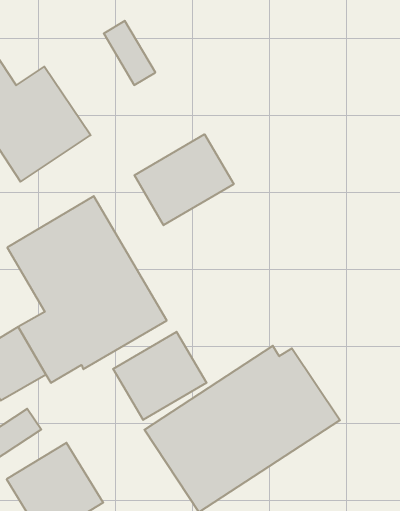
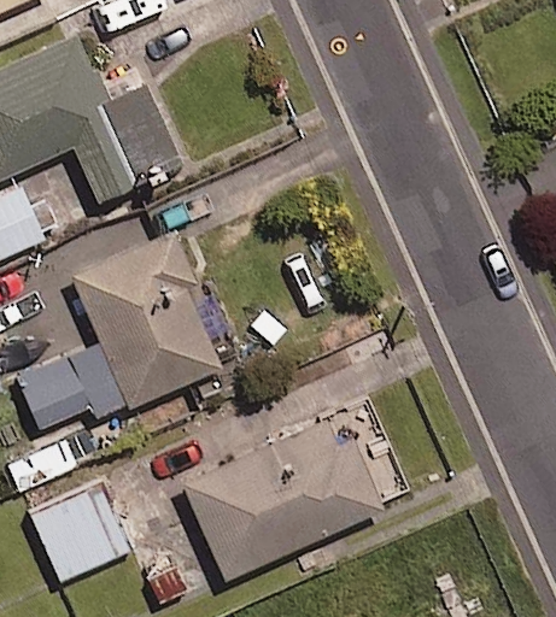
building: [134,134,234,225] -> none
building: [113,332,207,420] -> none

